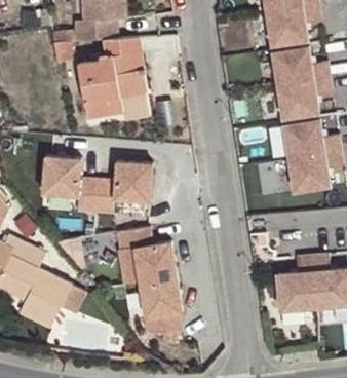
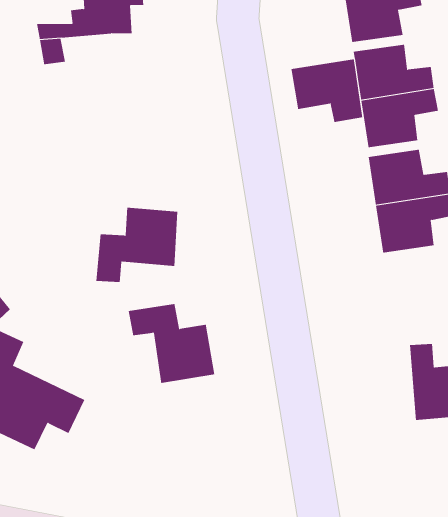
building: [77,37,147,118] -> none
building: none -> [291,58,363,123]
building: [40,155,95,211] -> none
building: [275,255,314,310] -> none
building: [138,275,181,333] -> none

